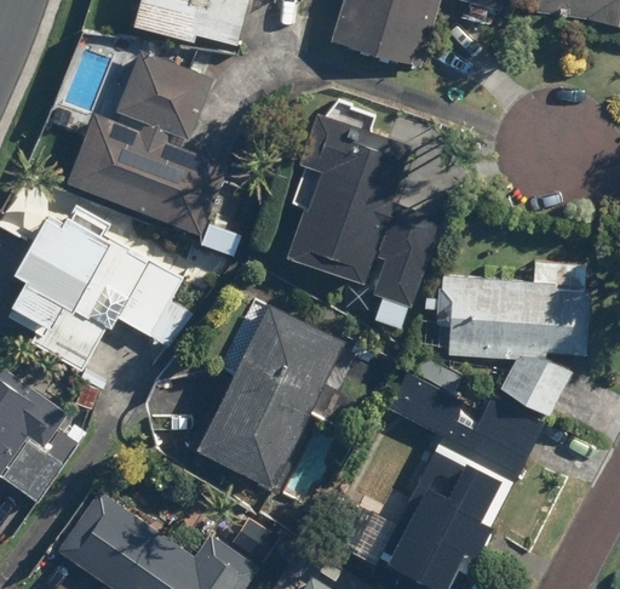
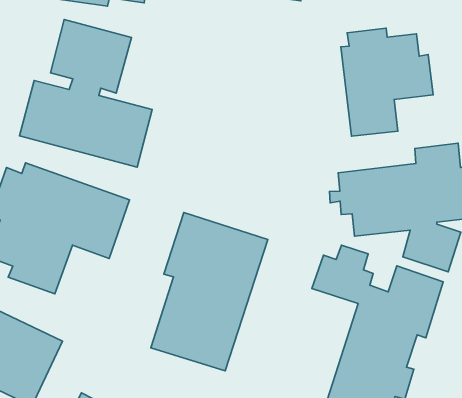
building: [289,113,436,328] -> none
building: none -> [341,28,433,136]

